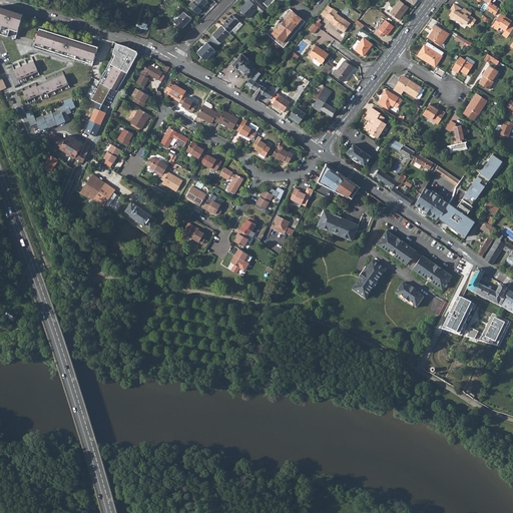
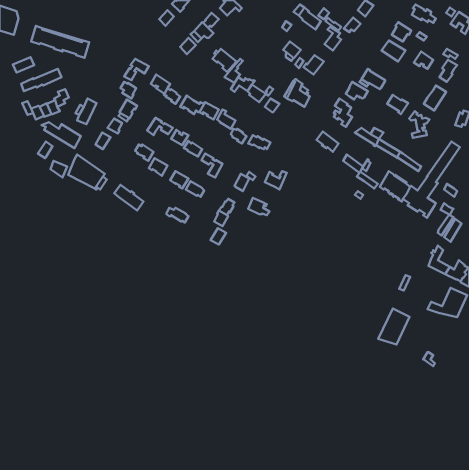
building: [266,8,304,47] -> none
building: [89,43,137,104] -> none
building: [317,163,359,198] -> none
building: [317,209,358,239] -> none
building: [379,229,416,262] -> none
building: [414,254,452,287] -> none
building: [351,261,383,299] -> none
building: [395,283,424,309] -> none
building: [441,297,475,336] -> [378,309,409,344]

